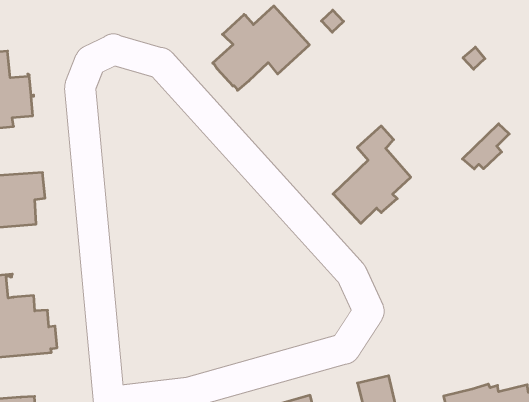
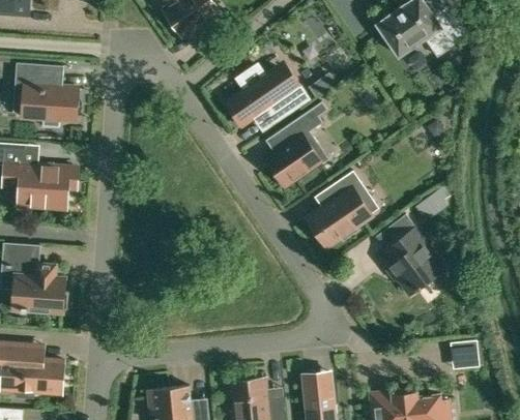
building: none -> [265,101,327,186]
building: none -> [375,214,438,294]

